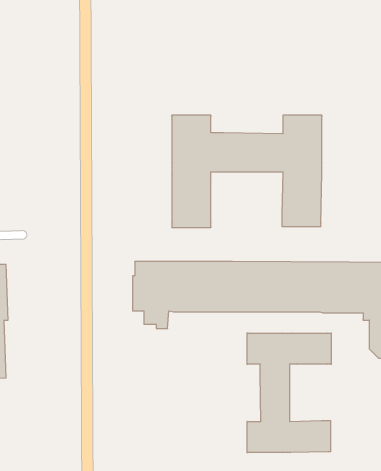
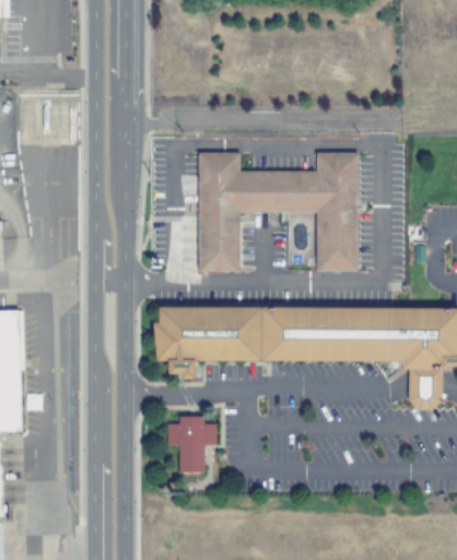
building: [247,333,331,453] -> none
building: none -> [165,416,214,475]

